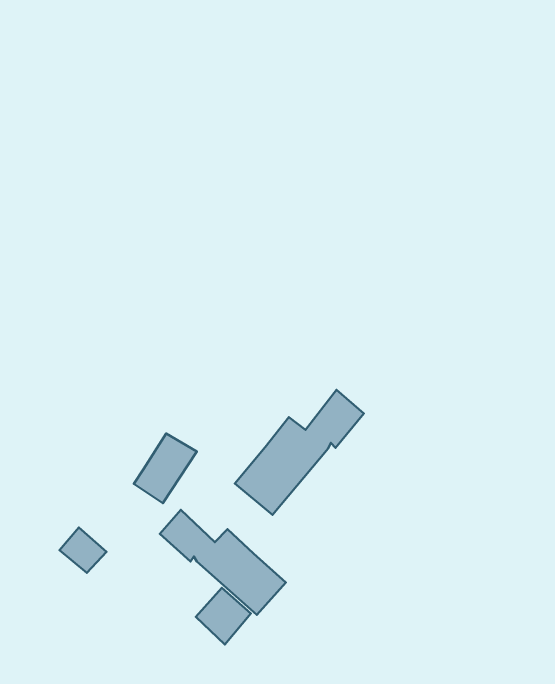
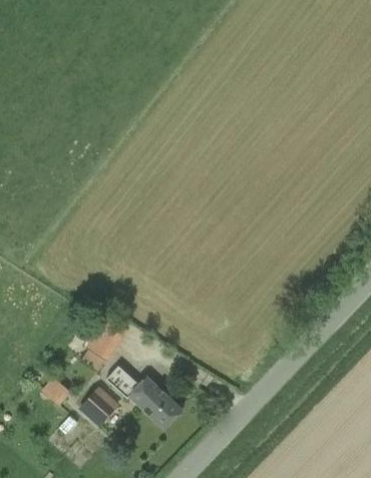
building: [235,390,364,515] -> none
building: [196,588,251,644] -> [81,390,115,425]

